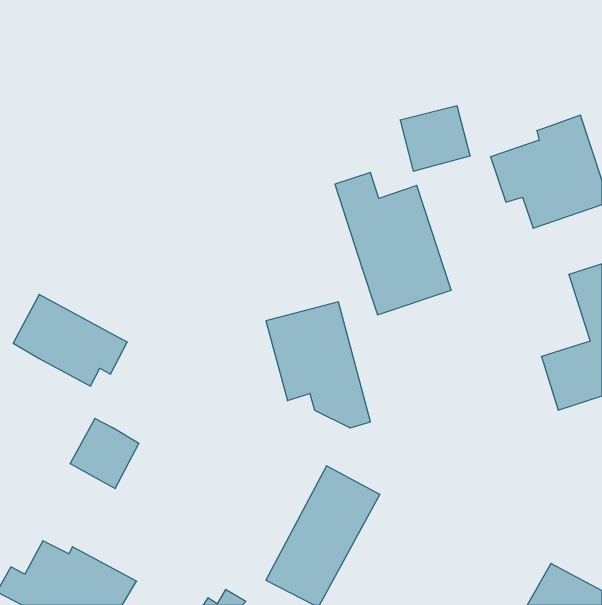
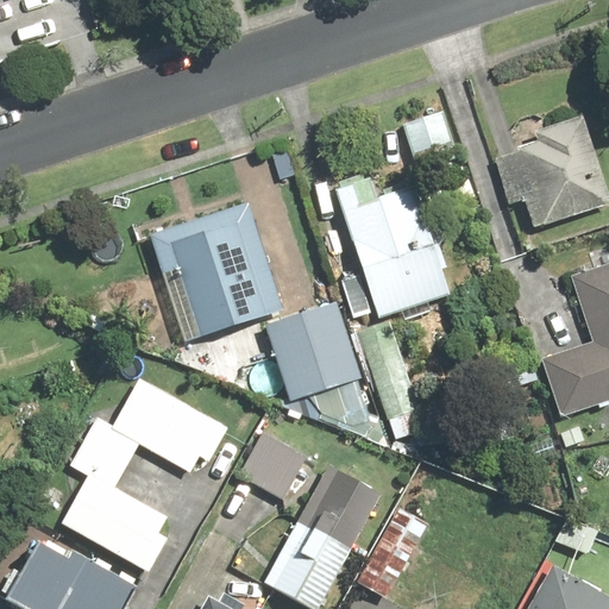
building: none -> [152,205,280,340]
building: [13,294,127,386] -> [113,379,227,471]
building: none -> [239,432,324,500]
building: none -> [63,475,169,570]
building: none -> [358,507,428,592]

